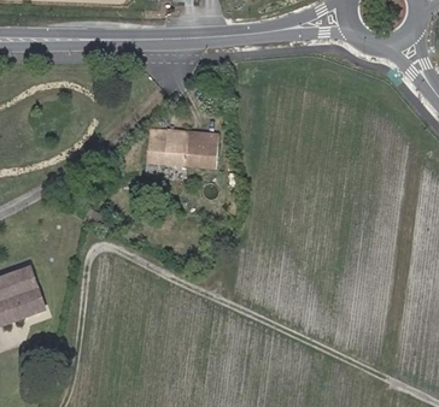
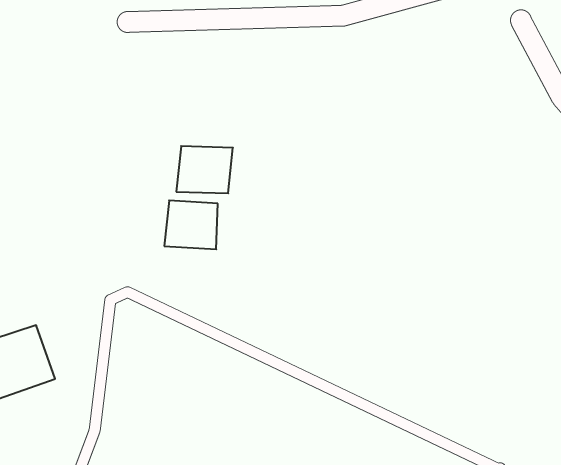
building: [178,138,220,176] -> [164,200,218,249]

